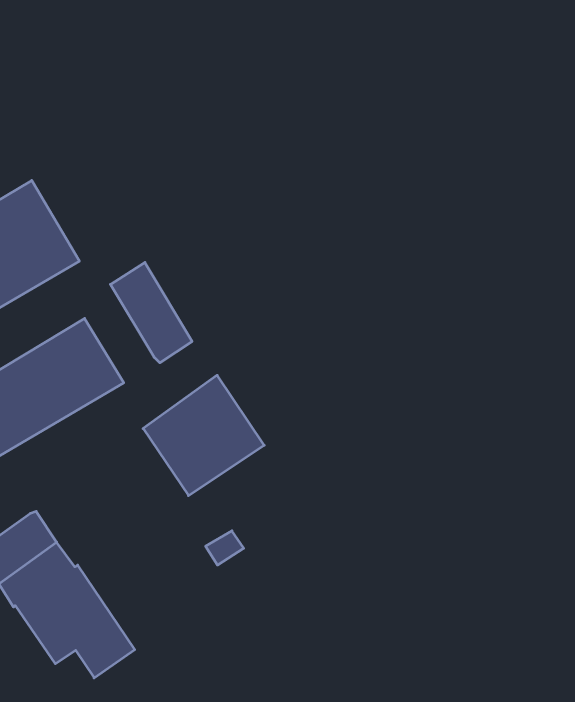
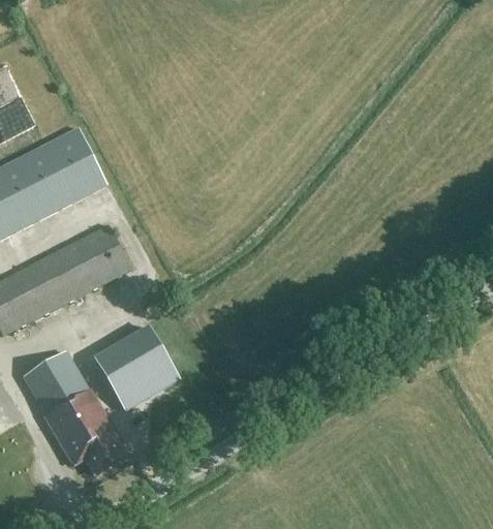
building: [110,262,192,363] -> none
building: [143,375,264,496] -> [96,330,178,410]

